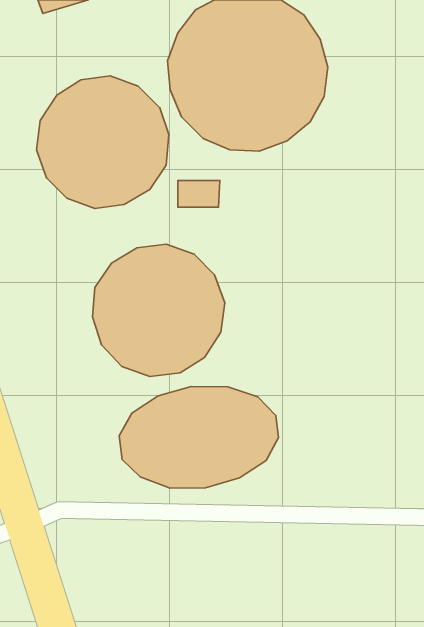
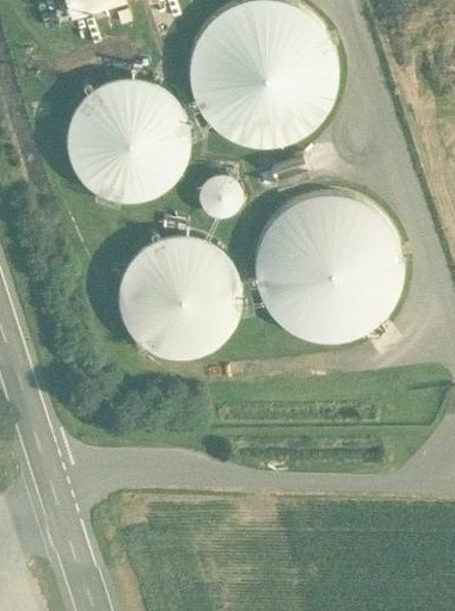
building: none -> [256,193,405,342]
building: [119,387,279,488] -> none

